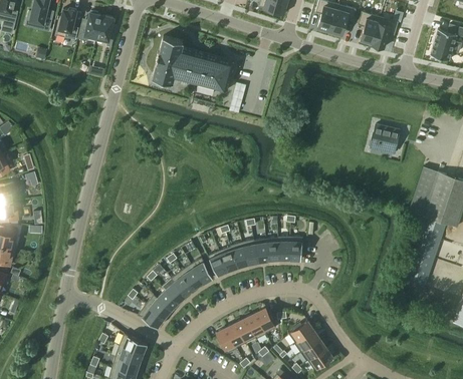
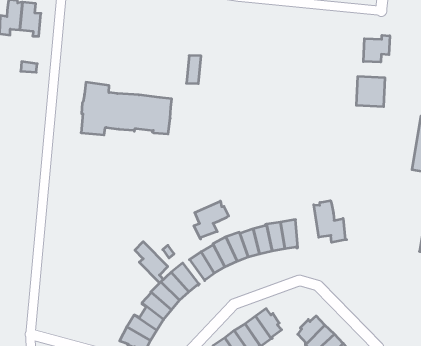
building: [153,37,234,92] -> [81,82,172,135]
building: none -> [363,35,390,62]
building: none -> [194,201,229,239]
building: none -> [314,201,347,242]
building: none -> [135,242,168,283]

